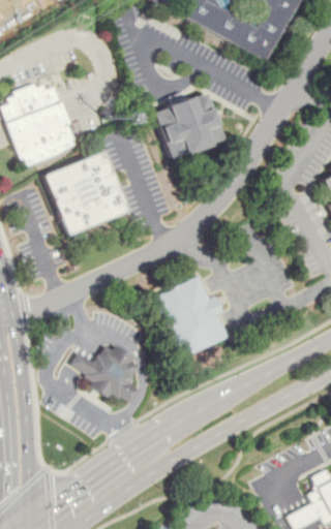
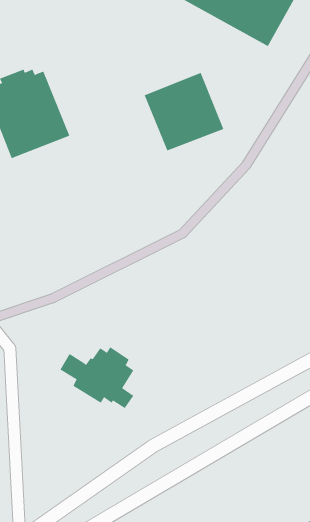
building: [47,153,126,234] -> none
building: [151,277,230,362] -> none

